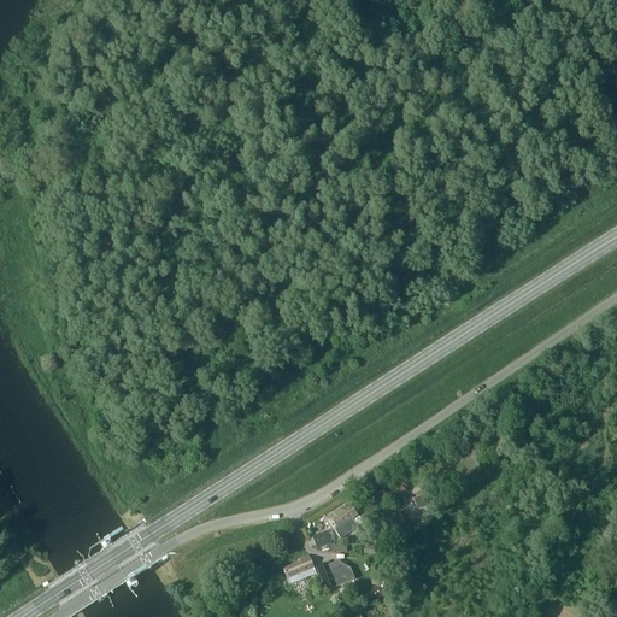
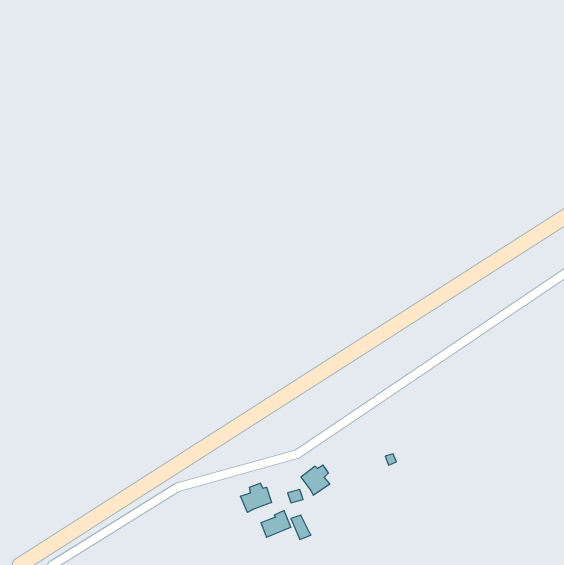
building: none -> [241,483,272,512]

